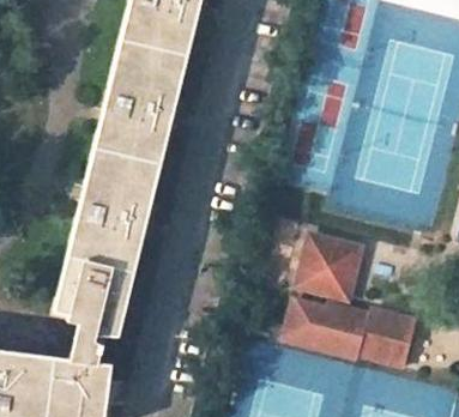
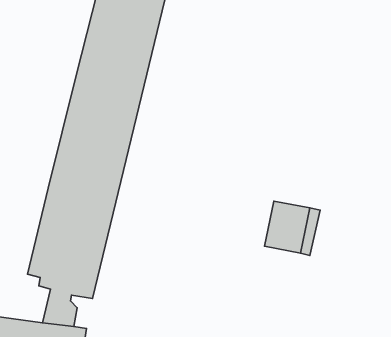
building: [286,301,422,362] -> none

